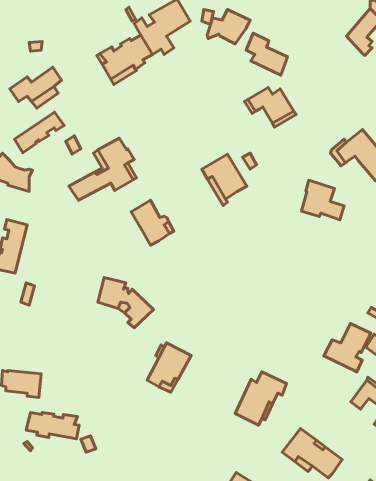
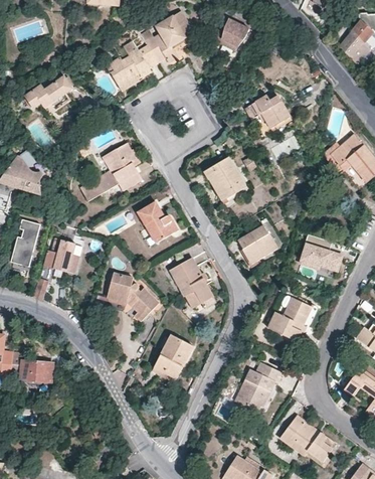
building: [246,33,288,75] -> none
building: [14,112,64,153] -> none
building: [301,180,344,220] -> [301,232,341,270]
building: none -> [238,225,277,264]
building: none -> [45,237,86,275]
building: none -> [171,257,216,306]
building: [324,324,371,372] -> [267,297,312,342]
building: [26,412,79,439] -> none

